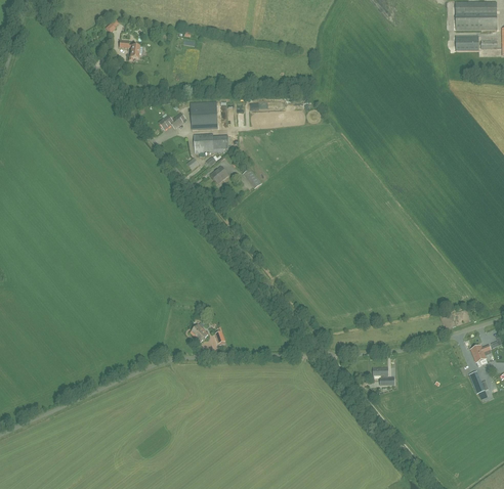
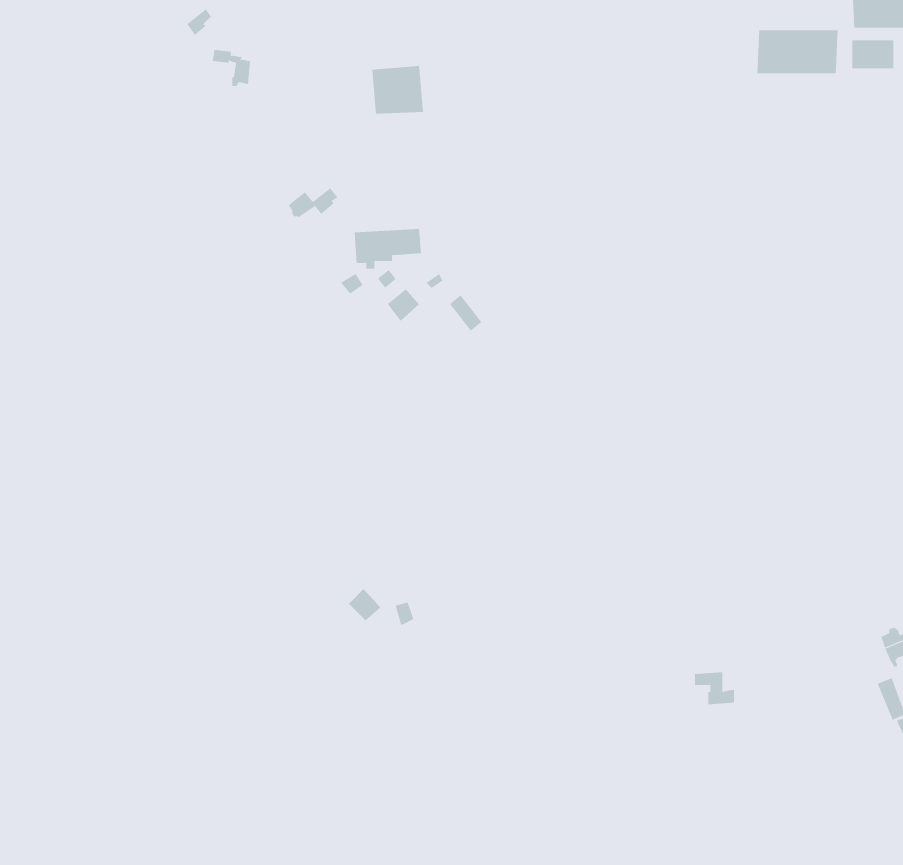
building: none -> [757,30,838,74]
building: [191,102,218,128] -> [371,66,424,114]

